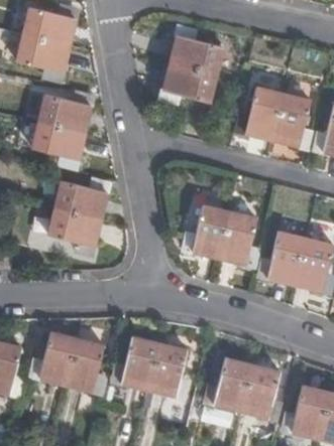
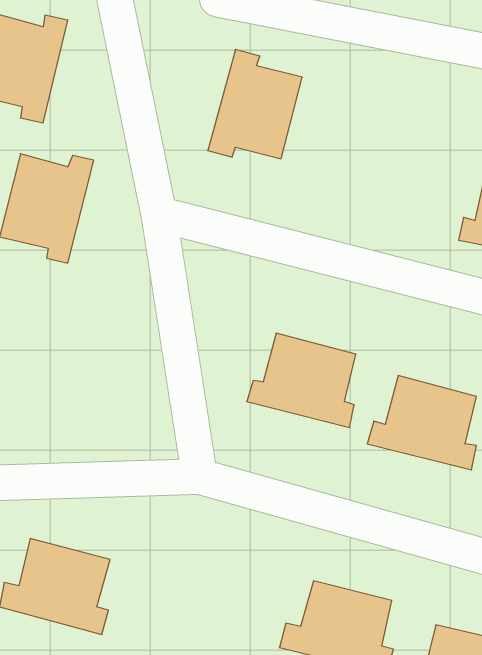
building: [240,89,309,147] -> none
building: [49,182,107,250] -> none
building: [116,338,184,396] -> none

